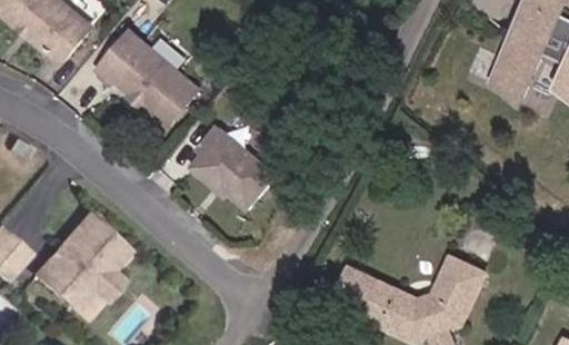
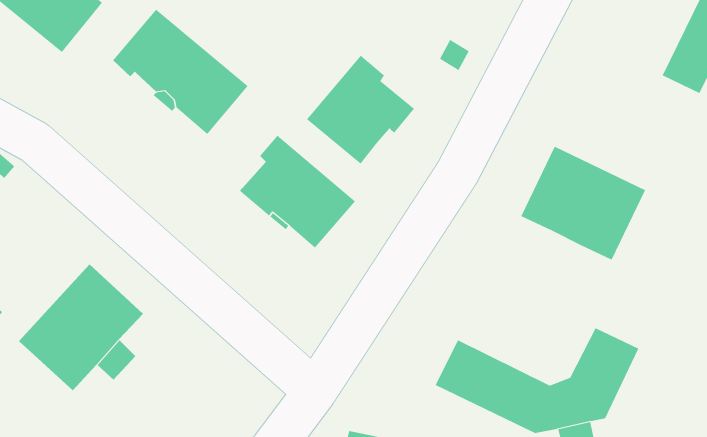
building: none -> [306,55,415,164]
building: none -> [520,146,646,260]

